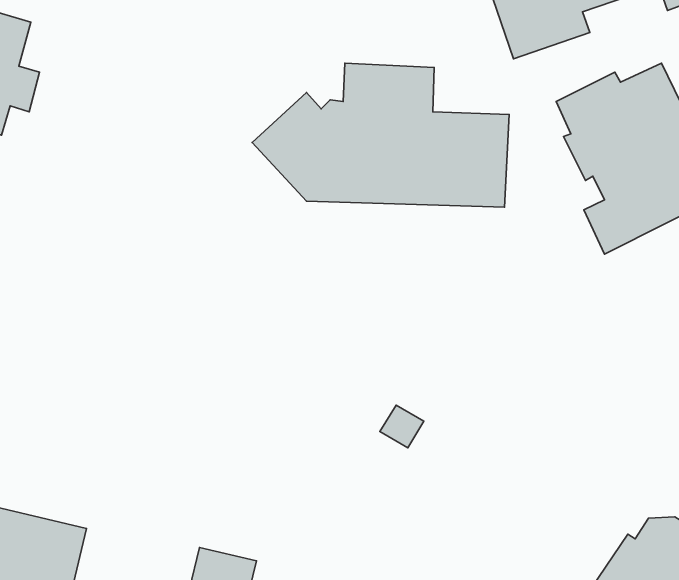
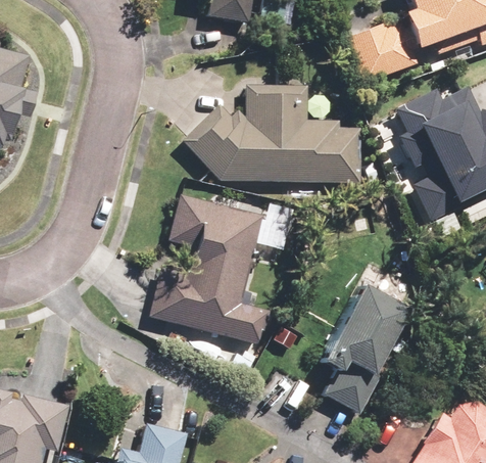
building: none -> [150,194,269,341]
building: none -> [318,266,410,417]

